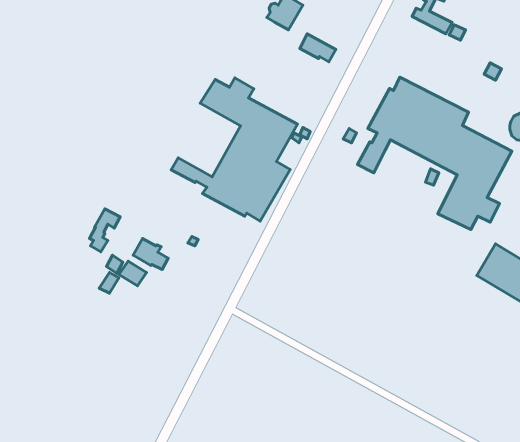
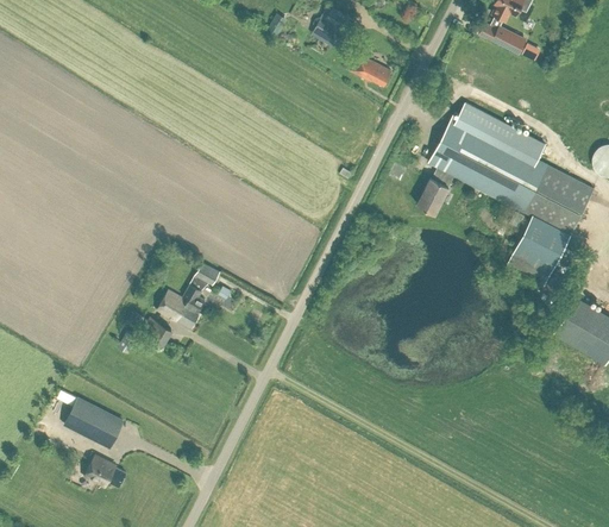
building: [171,78,298,221] -> none
building: [89,209,120,252] -> [184,263,220,313]
building: none -> [65,400,123,447]
building: none -> [84,456,126,488]

